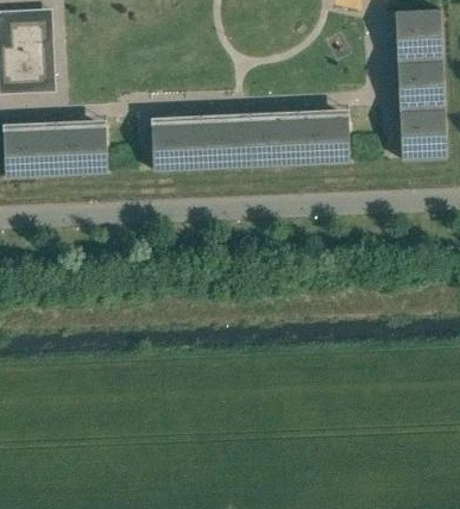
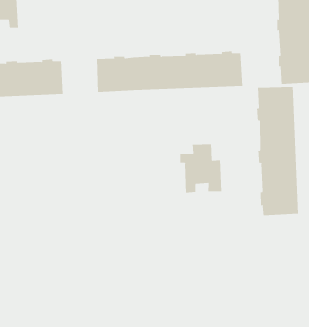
building: none -> [256,86,299,216]
building: none -> [180,143,222,193]

